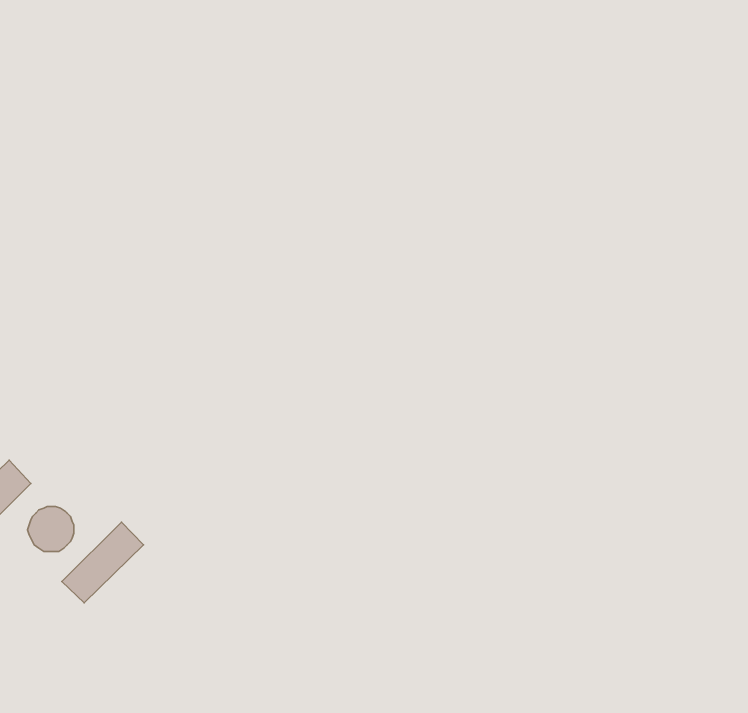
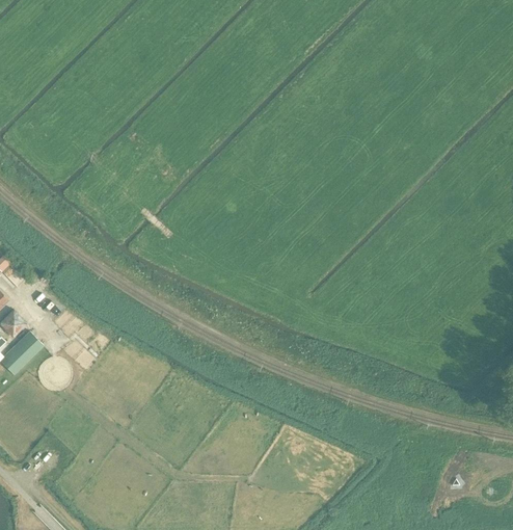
building: [62,522,144,603] -> none

